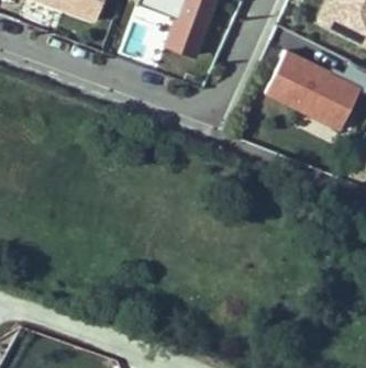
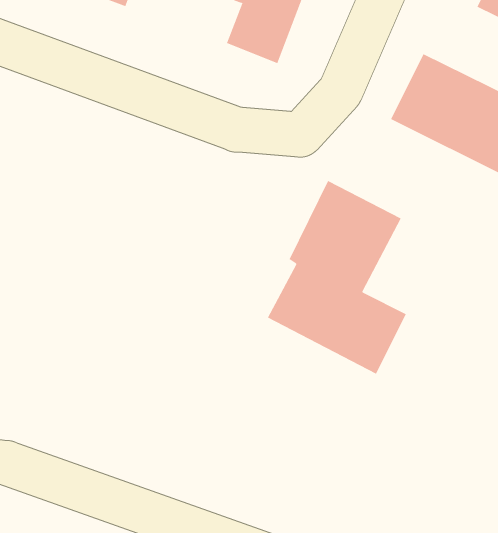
building: none -> [267,180,406,375]

